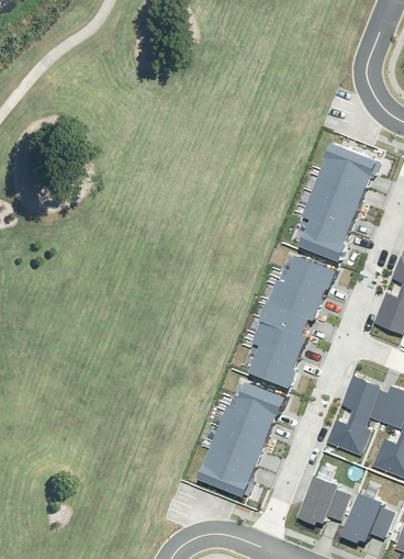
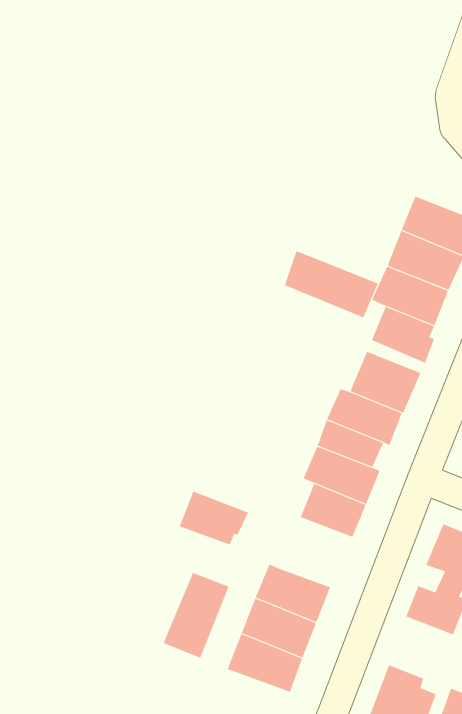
building: none -> [284,250,378,318]
building: [236,381,285,420] -> [179,491,249,545]
building: none -> [163,572,229,658]

